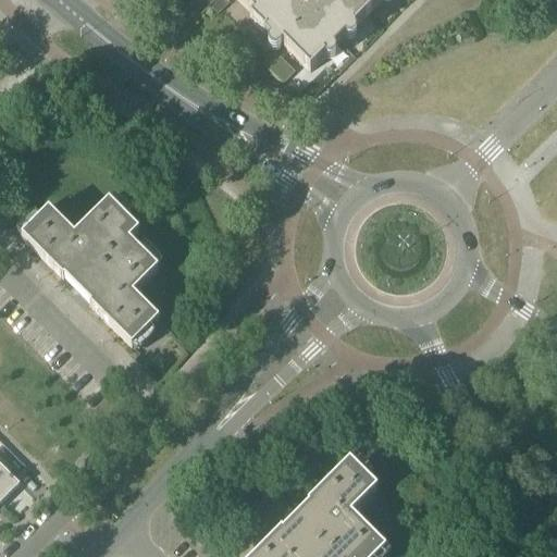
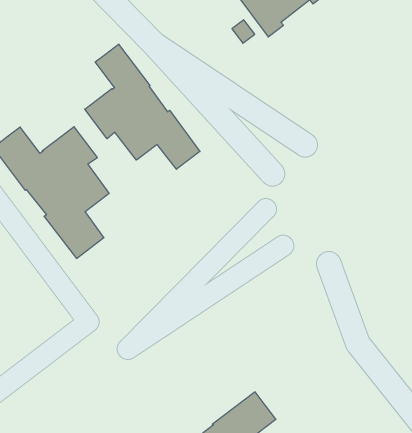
building: none -> [85,44,200,169]

